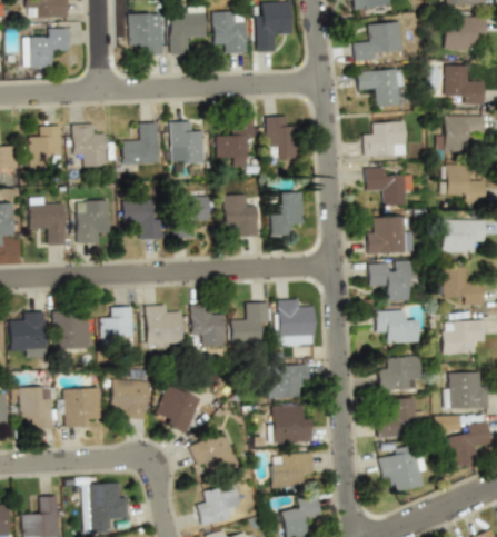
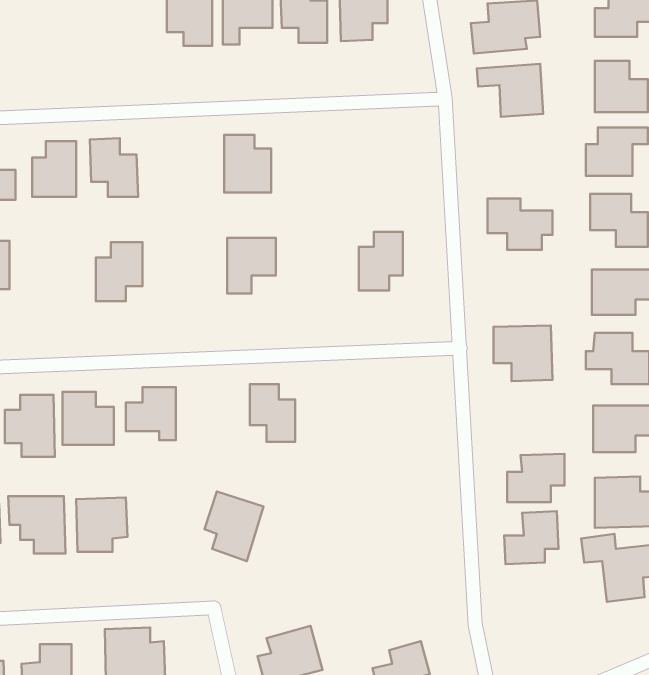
building: [24,29,69,67] -> none
building: [265,116,297,160] -> none
building: [217,118,254,167] -> none
building: [362,121,407,156] -> none
building: [122,123,159,165] -> none
building: [223,195,258,237] -> none
building: [29,198,67,245] -> none
building: [122,201,160,239] -> none
building: [367,216,411,255] -> none
building: [278,299,315,341] -> none
building: [230,302,269,344] -> none
building: [145,305,182,345] -> none
building: [376,310,419,345] -> none
building: [267,365,310,399] -> none
building: [110,379,149,421] -> none
building: [268,406,311,445] -> none
building: [189,431,238,479] -> none
building: [379,448,425,489] -> none
building: [270,453,312,488] -> none

